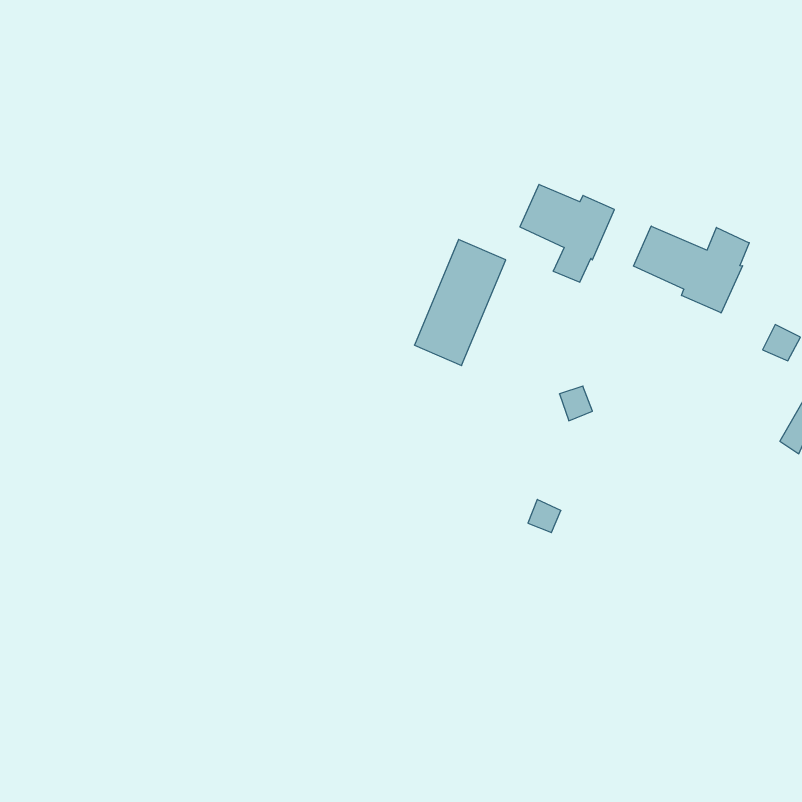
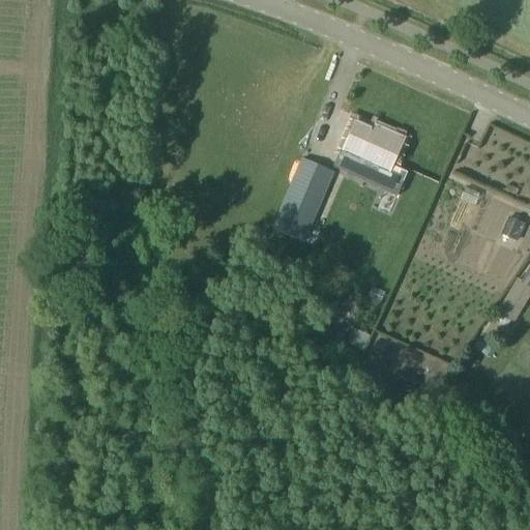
building: [633,226,749,313] -> none

